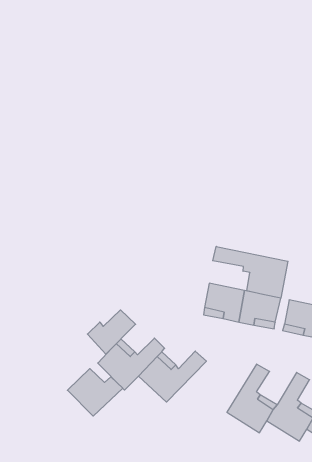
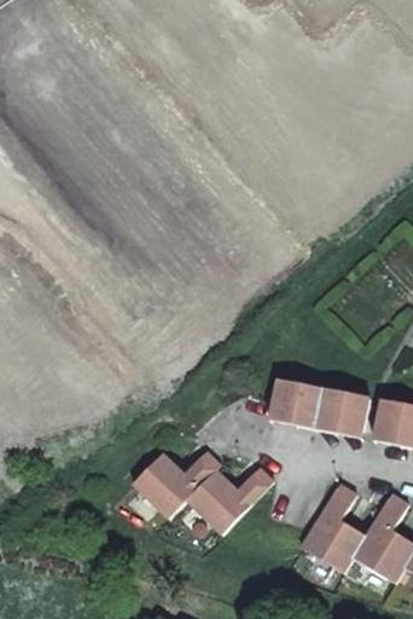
building: [213,246,288,298] -> none
building: [87,310,136,354] -> none
building: [67,369,123,416] -> none

